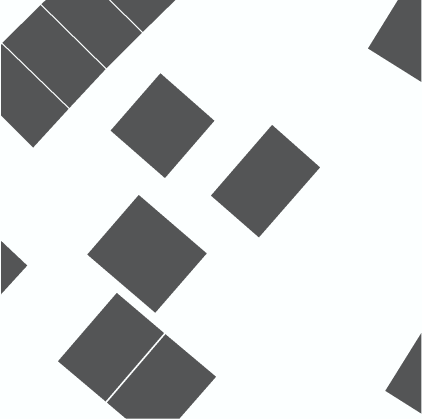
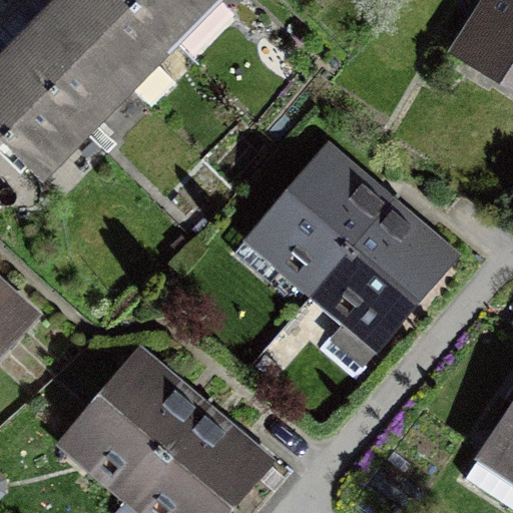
building: [110,72,216,179] -> none
building: none -> [315,203,455,346]
building: [86,194,208,314] -> none

